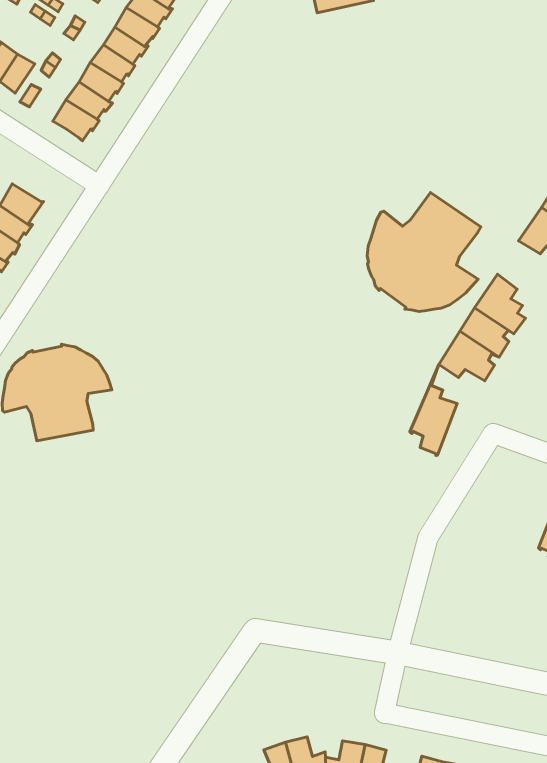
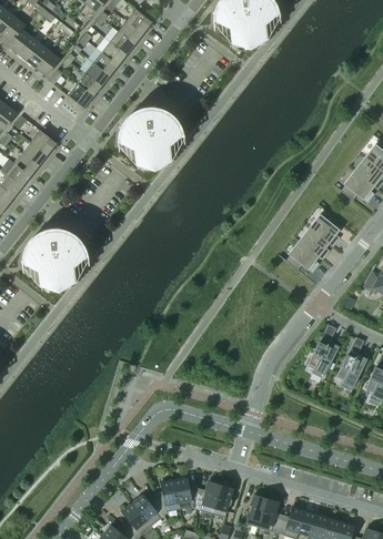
building: none -> [117,108,183,164]
building: [367,193,481,312] -> none
building: [410,364,457,455] -> [306,324,336,378]

